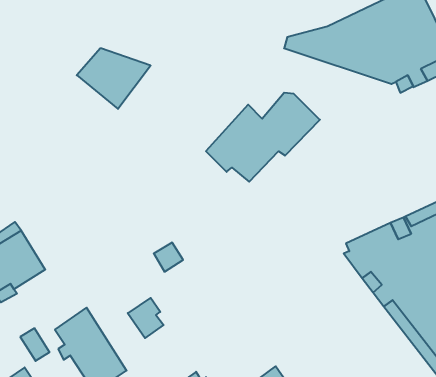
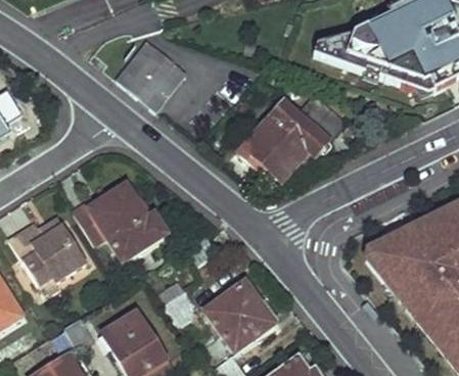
building: none -> [73,182,166,257]
building: none -> [206,284,274,349]

